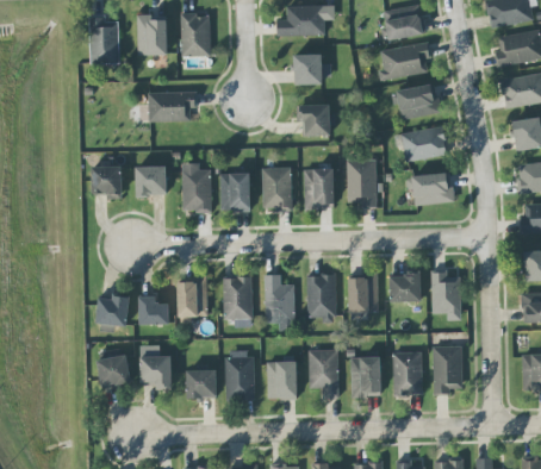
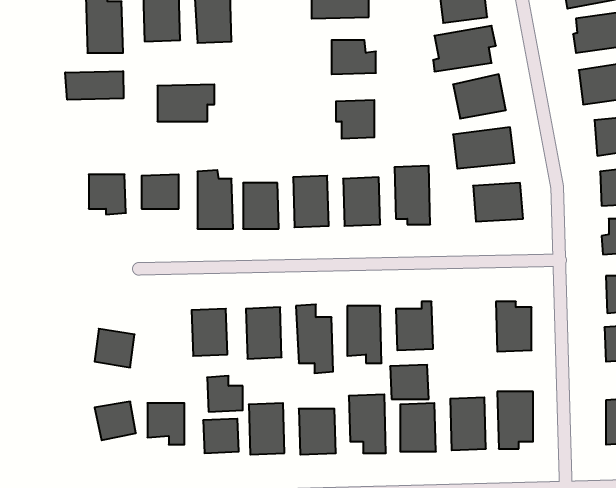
building: none -> [65,71,123,100]
building: [390,273,422,301] -> [390,365,429,399]
building: [139,295,169,325] -> [207,376,243,412]

